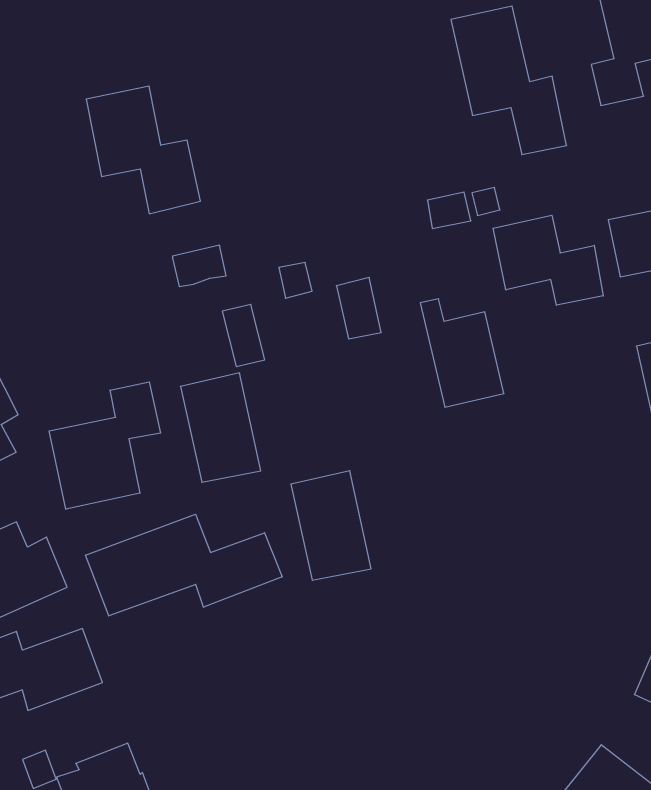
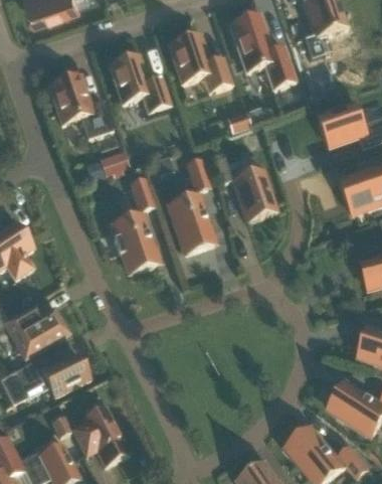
building: none -> [169,33,231,91]
building: none -> [109,53,170,112]
building: [493,215,603,305] -> none
building: [49,382,161,509] -> none
building: [291,471,371,580] -> [169,194,214,252]
building: [86,514,282,616] -> none

